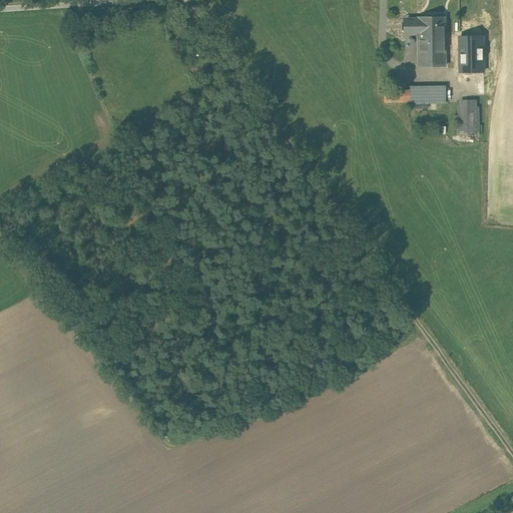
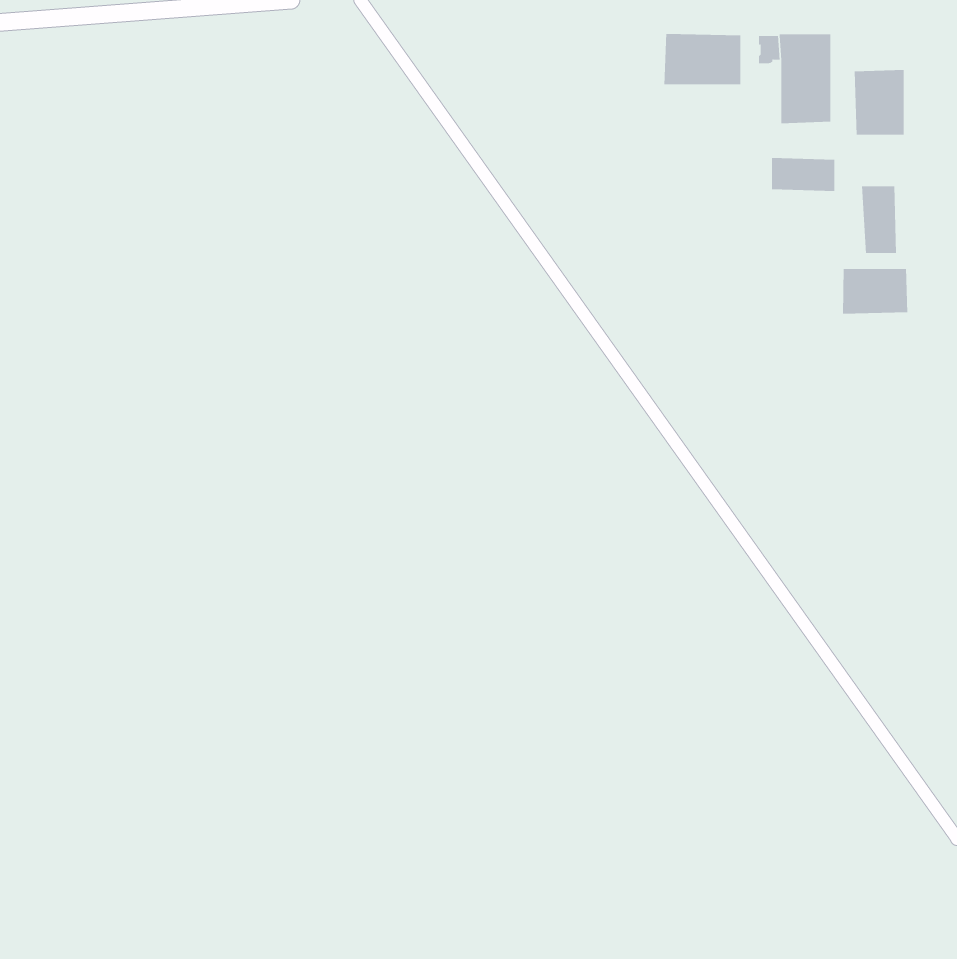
building: none -> [664,33,741,85]
building: none -> [843,268,908,315]

